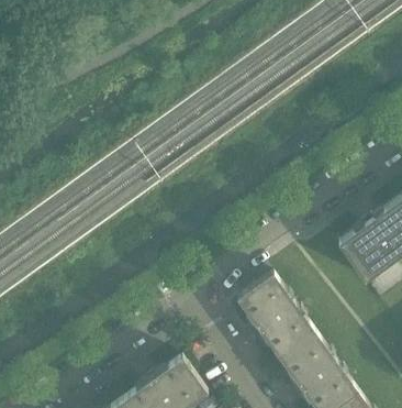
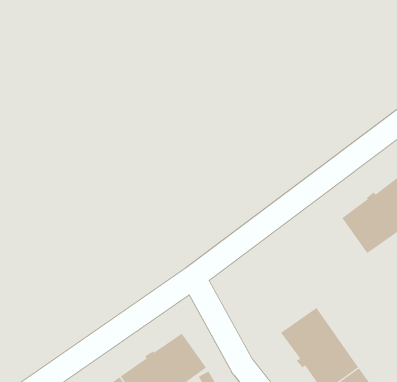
building: [238,274,316,357] -> none

